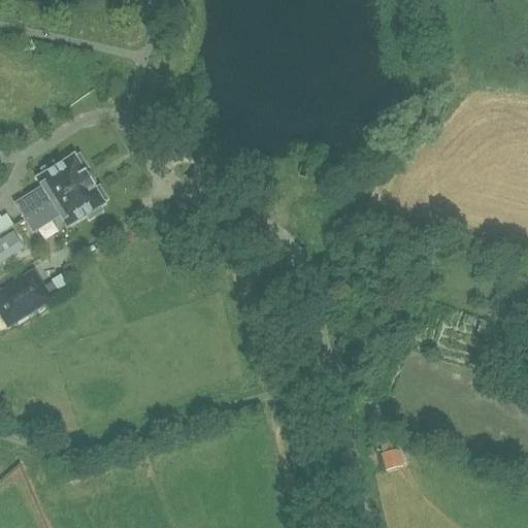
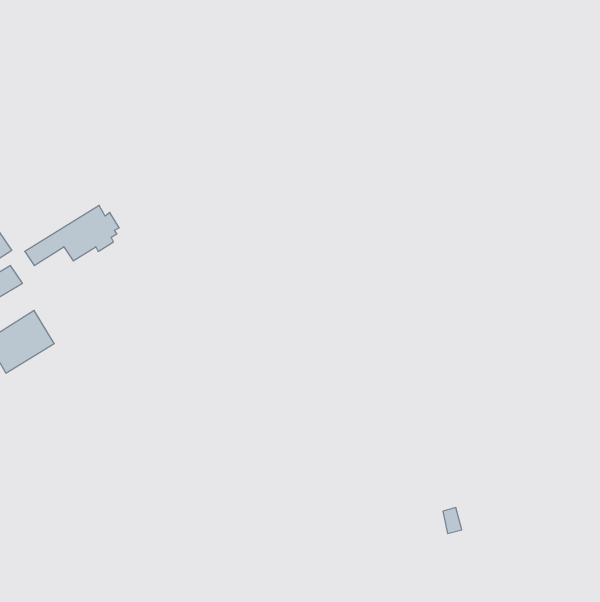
building: [19,154,87,220] -> none

